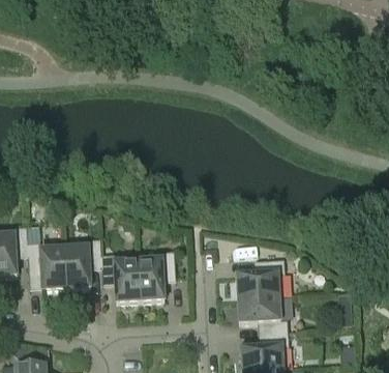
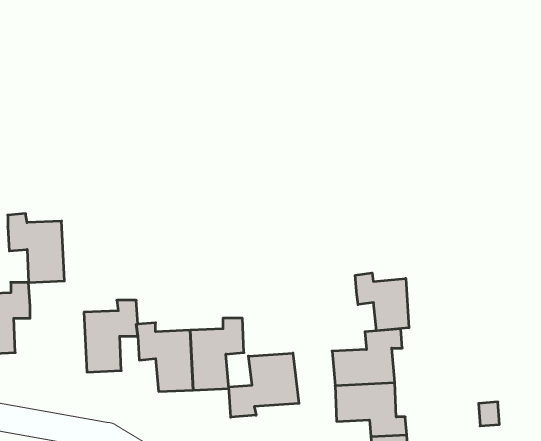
building: none -> [355,273,409,331]
building: [28,241,67,289] -> [8,214,64,282]
building: none -> [229,353,299,417]

